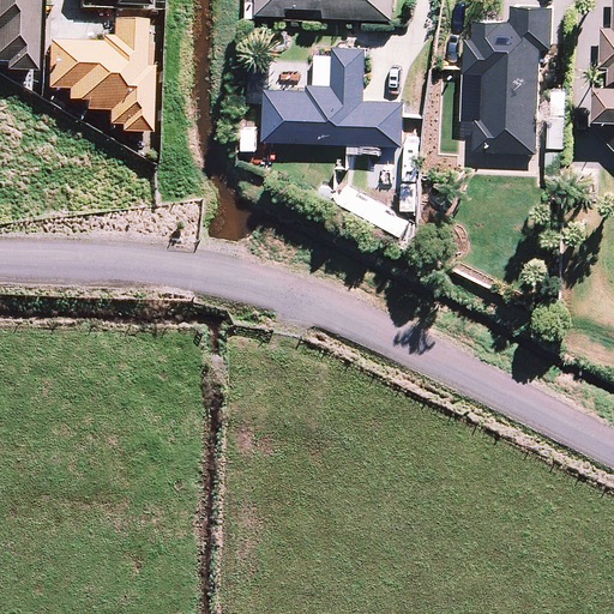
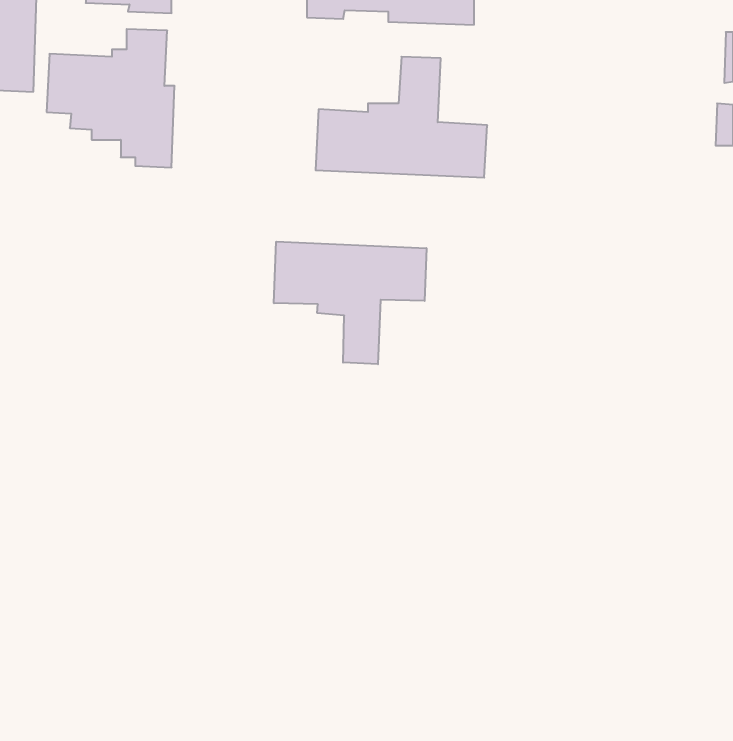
building: [460,7,549,154] -> none
building: none -> [274,242,426,364]

